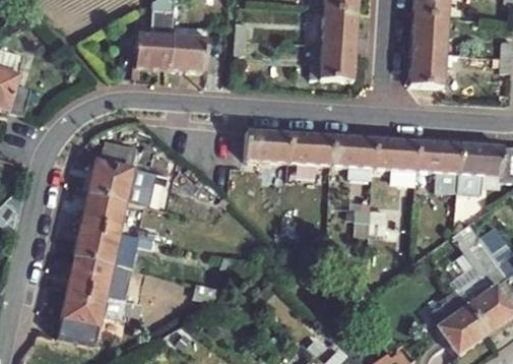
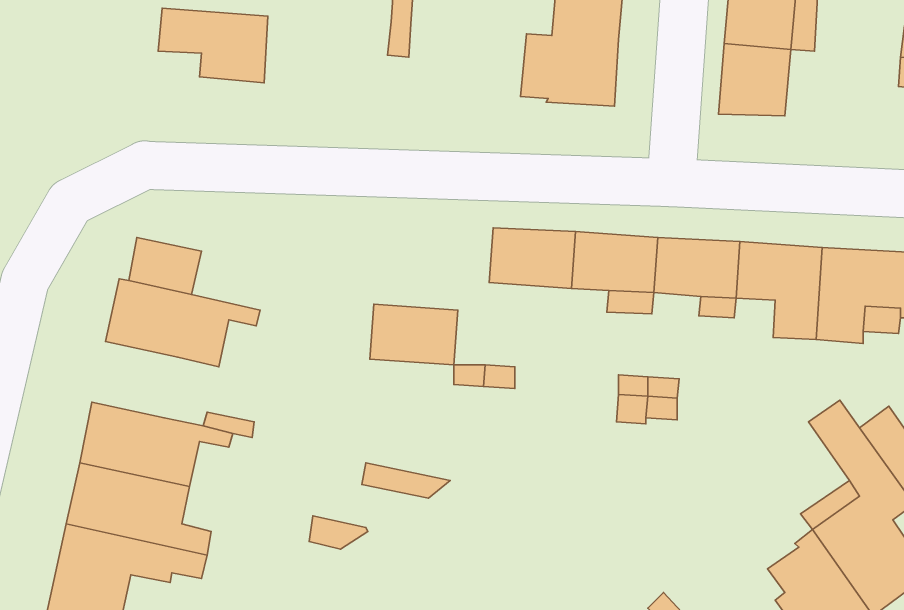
building: [171,27,208,64] -> none
building: [244,134,290,166] -> [370,304,458,365]
building: [81,196,126,236] -> none

